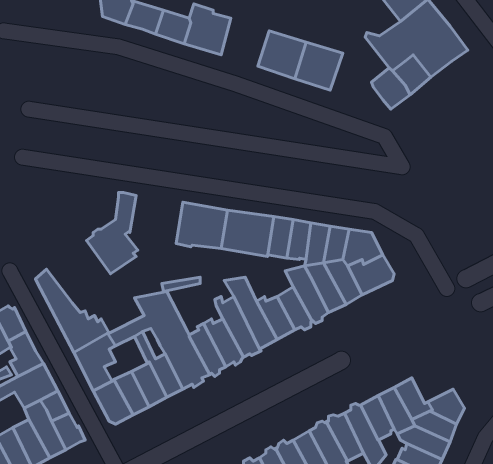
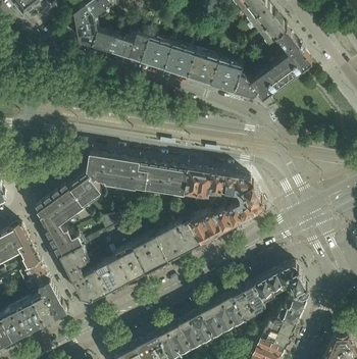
building: none -> [155,44,186,74]
building: none -> [224,66,258,99]
building: none -> [97,157,131,188]
building: none -> [44,186,85,225]
building: none -> [276,265,303,290]

